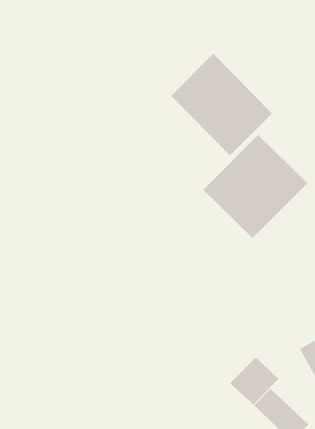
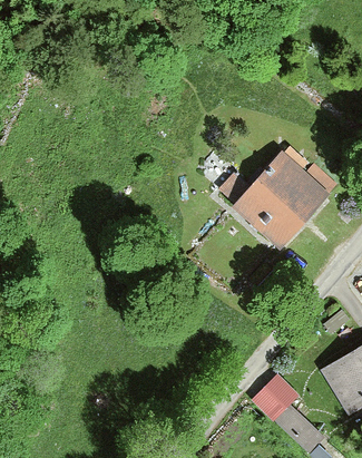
building: [170,53,273,156] -> none

